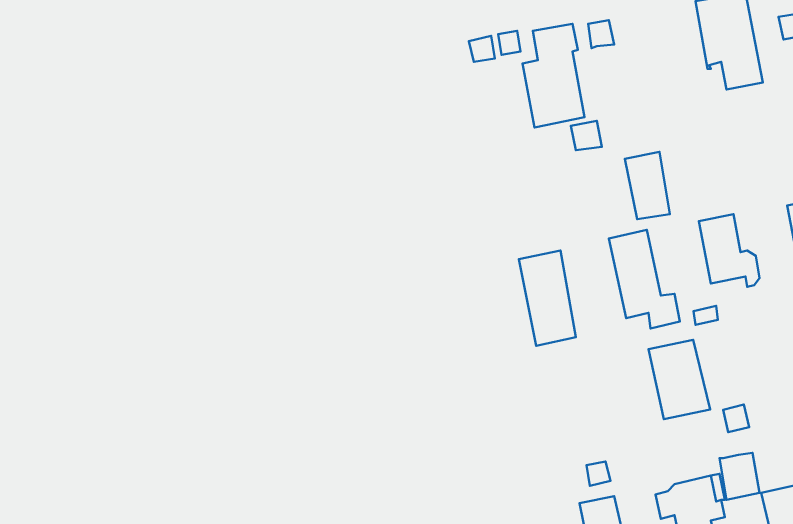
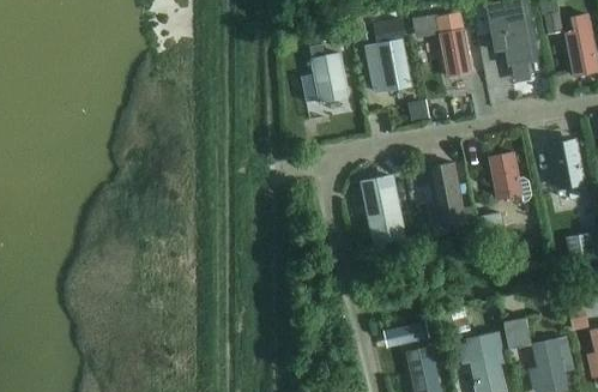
building: none -> [301,43,348,103]
building: [625,152,670,219] -> [440,30,471,77]
building: [649,340,710,419] -> none

